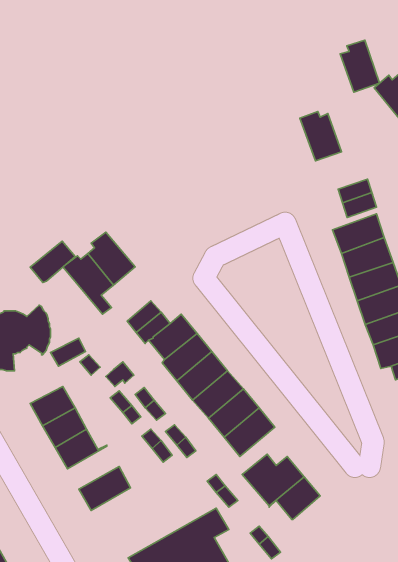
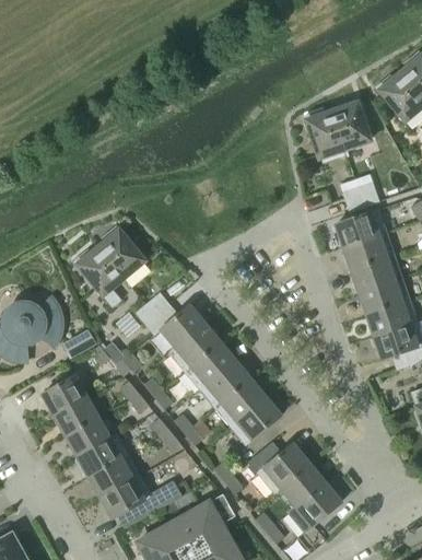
building: [340,40,380,92] -> [331,98,370,149]
building: [30,241,75,283] -> none
building: none -> [79,434,129,476]
building: none -> [102,475,181,523]
building: none -> [288,482,341,533]

